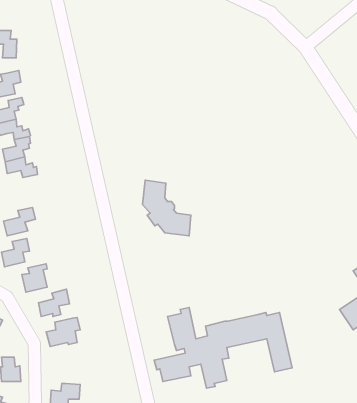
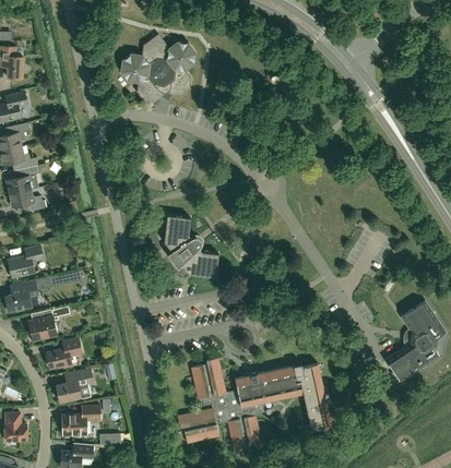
building: none -> [120,39,193,103]
building: none -> [61,405,99,435]

